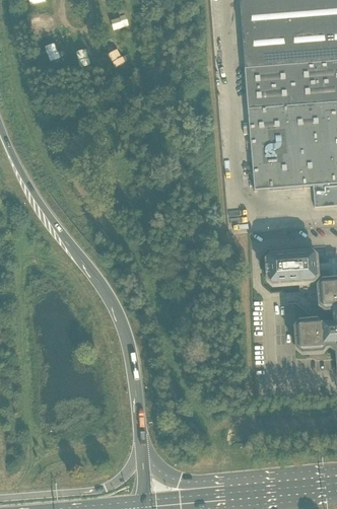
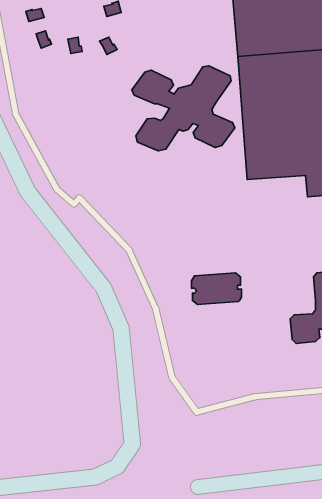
building: none -> [132,66,235,151]
building: [267,250,317,282] -> [191,273,242,305]

